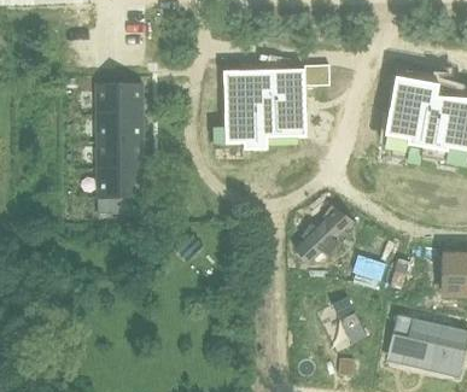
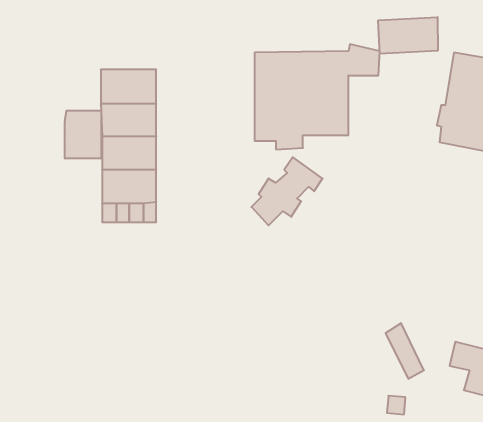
building: none -> [378,17,438,54]
building: none -> [65,111,101,159]
building: [294,204,355,262] -> [251,157,323,225]

